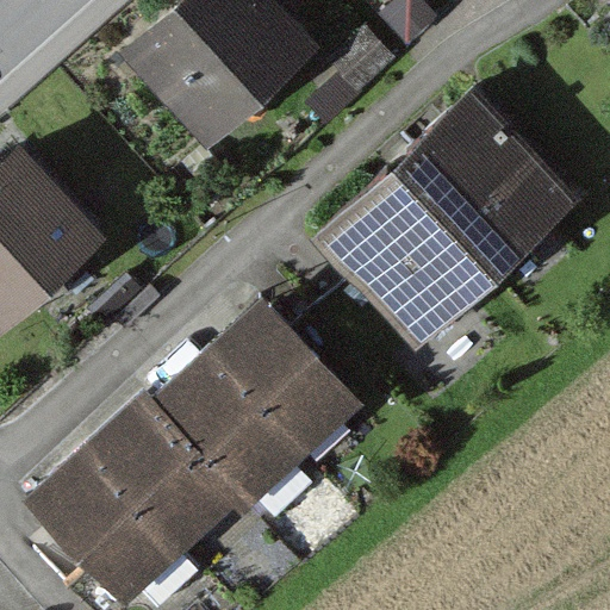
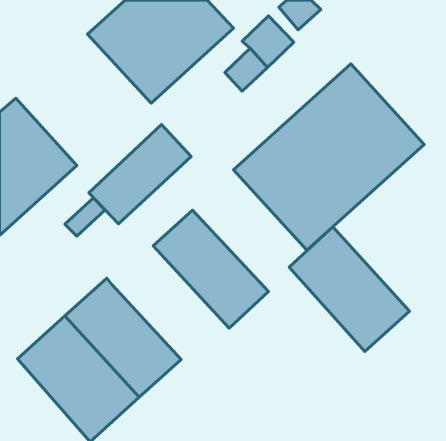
building: none -> [89,125,191,224]
building: none -> [289,227,409,351]
building: [152,343,312,508] -> none

